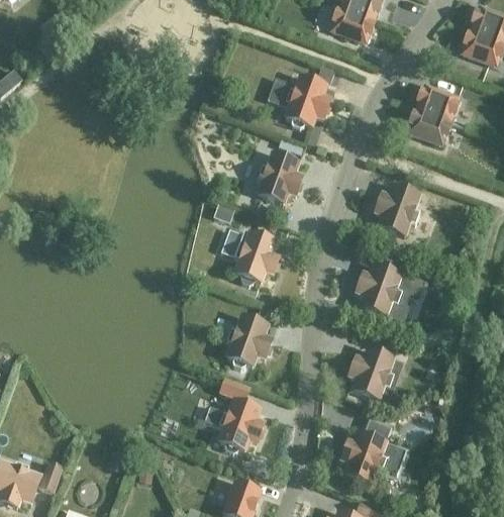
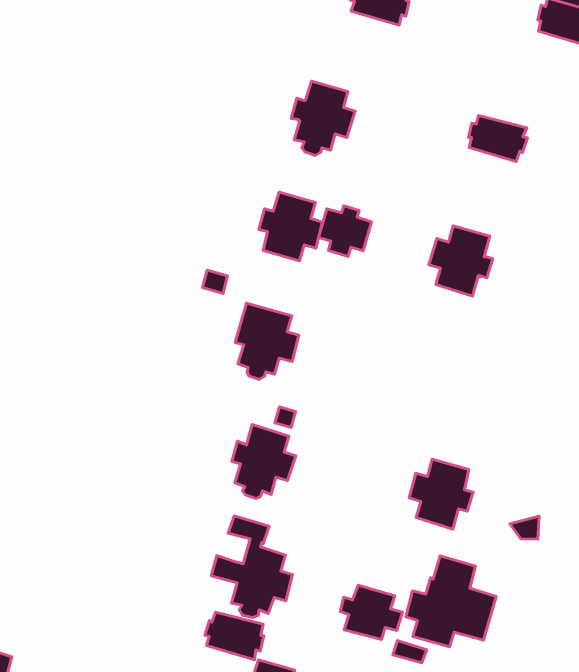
building: [416,85,458,119] -> none
building: none -> [319,206,371,257]
building: [356,265,423,314] -> none
building: none -> [340,585,402,640]
building: none -> [205,612,264,660]

